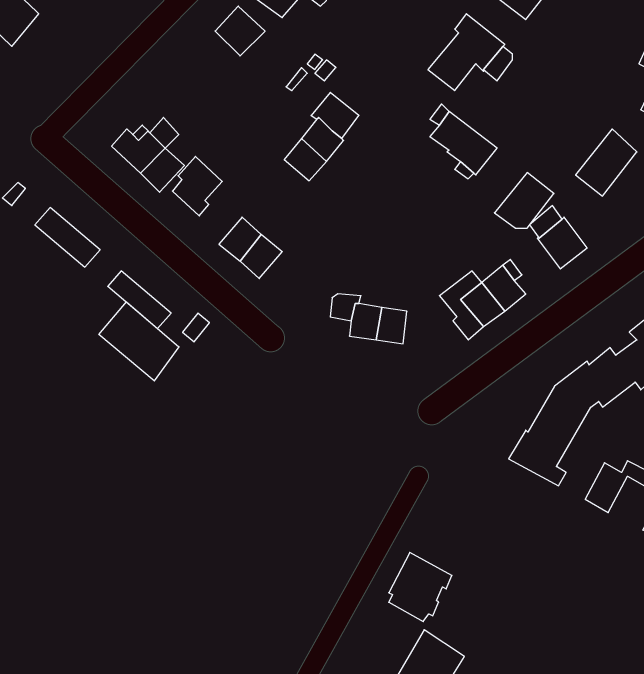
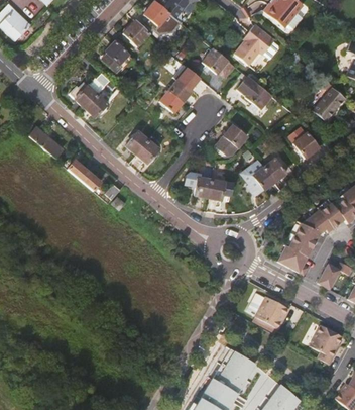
building: none -> [203,48,236,80]
building: [172,156,222,216] -> [103,42,129,74]
building: [494,173,554,228] -> [216,126,247,156]
building: [99,302,179,381] -> none
building: [389,552,452,622] -> [255,294,288,330]
building: none -> [309,323,341,362]

